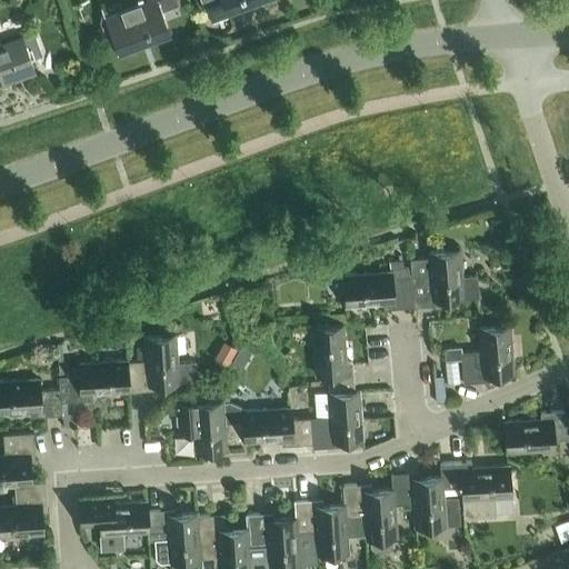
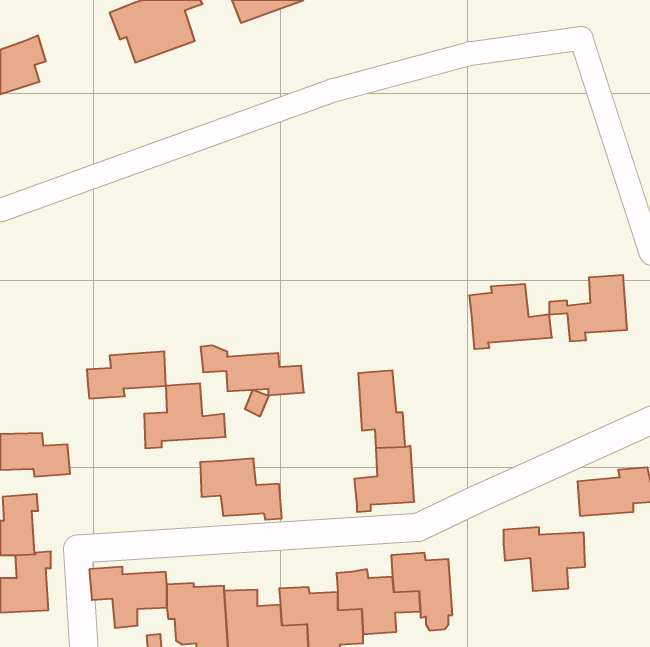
building: [343,263,415,311] -> none
building: [446,328,513,386] -> [549,275,627,341]
building: [59,362,128,403] -> [87,352,166,399]
building: [222,403,312,447] -> [201,345,304,395]
building: [391,473,459,529] -> none

